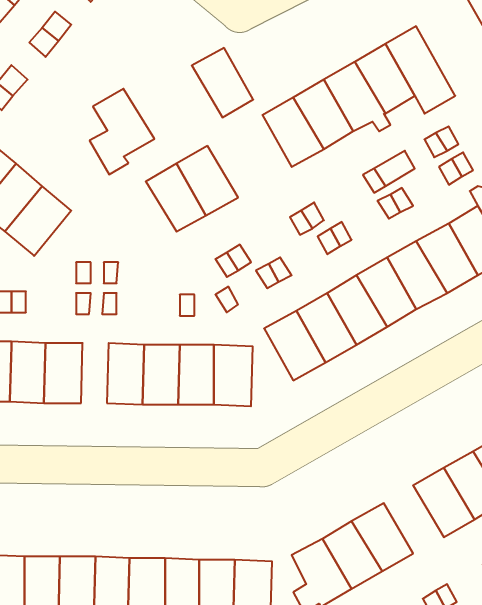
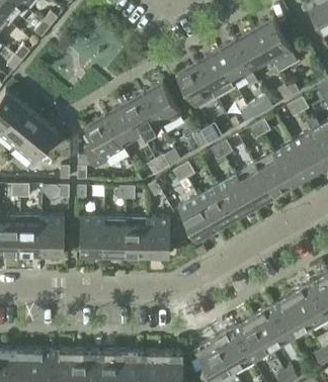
building: [192,48,253,117] -> [143,82,181,125]
building: [90,89,154,174] -> [83,115,124,169]
building: none -> [253,305,291,348]

